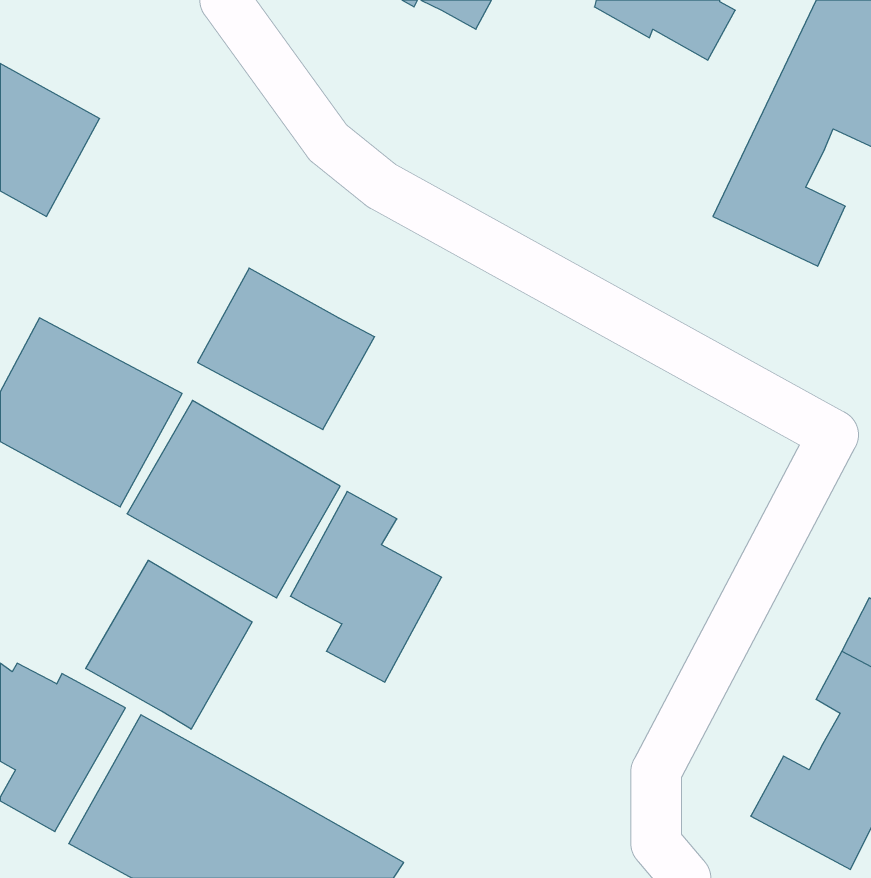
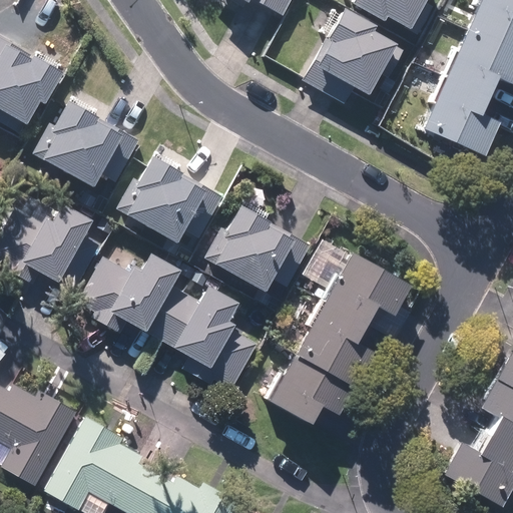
building: none -> [313,8,405,93]
building: none -> [34,101,139,196]
building: none -> [207,205,312,303]
building: none -> [267,240,408,434]
building: [86,560,252,729] -> none

